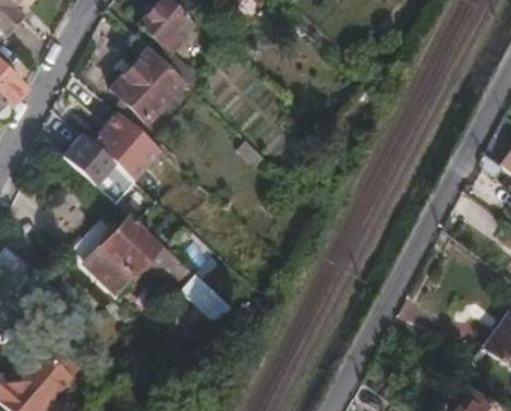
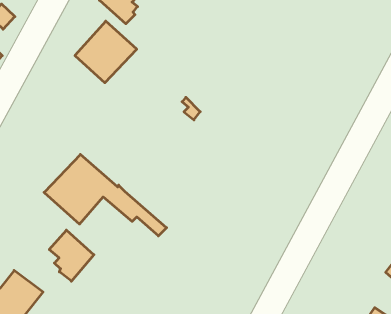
building: [56,129,157,193] -> none
building: none -> [49,230,94,281]

